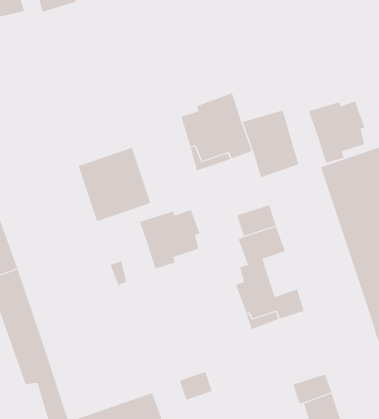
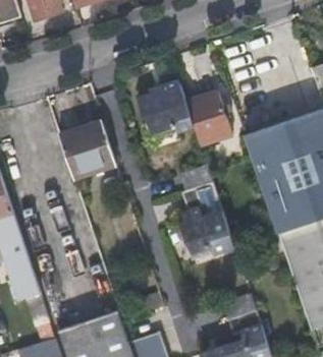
building: [308,101,365,164] -> none
building: [139,209,200,269] -> none

